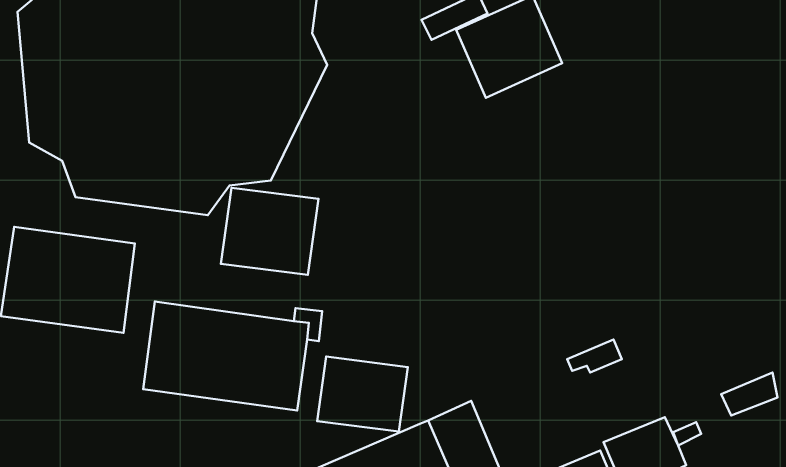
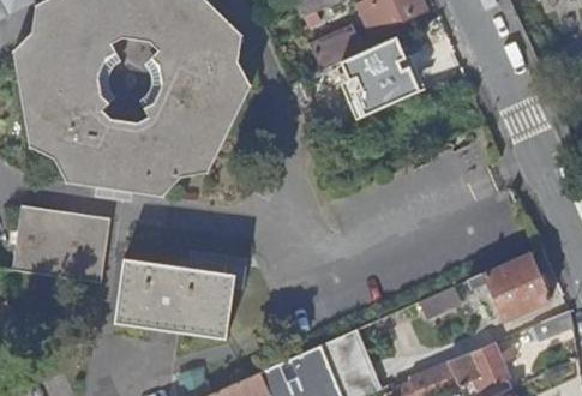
building: [221,188,319,275] -> none
building: none -> [484,254,548,320]
building: [317,357,408,432] -> none

